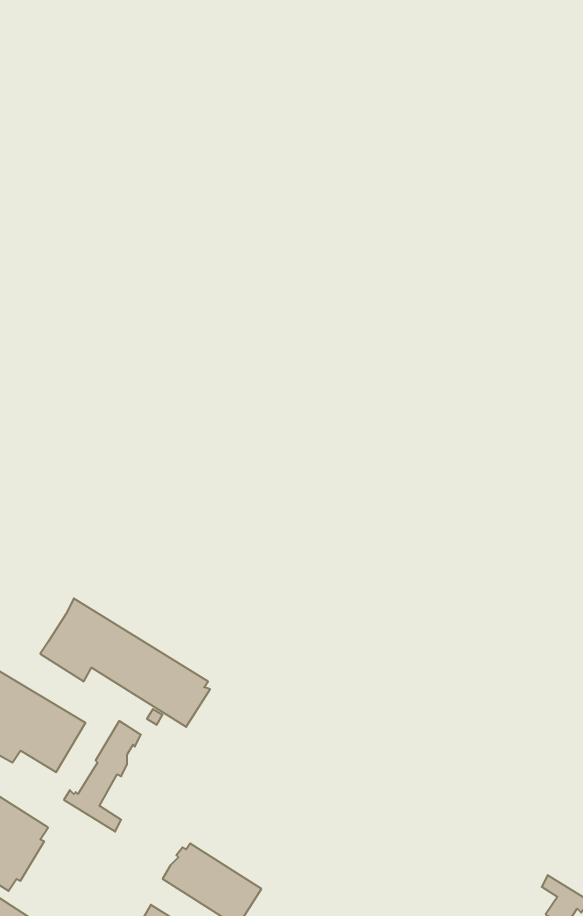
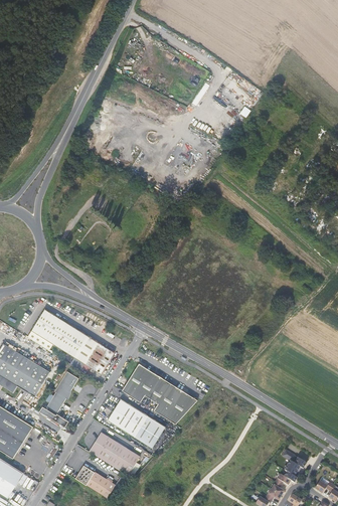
building: none -> [121,362,196,424]
building: none -> [107,398,165,448]

